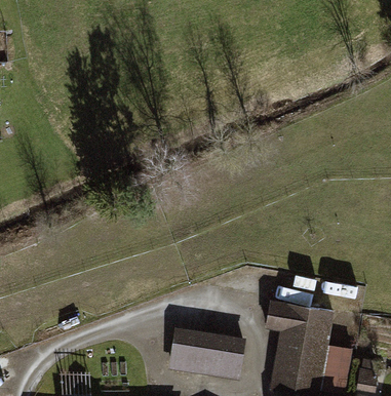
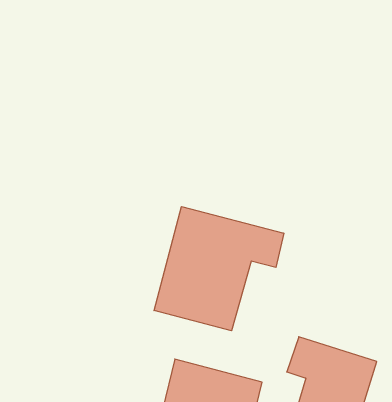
building: none -> [154,207,284,331]

